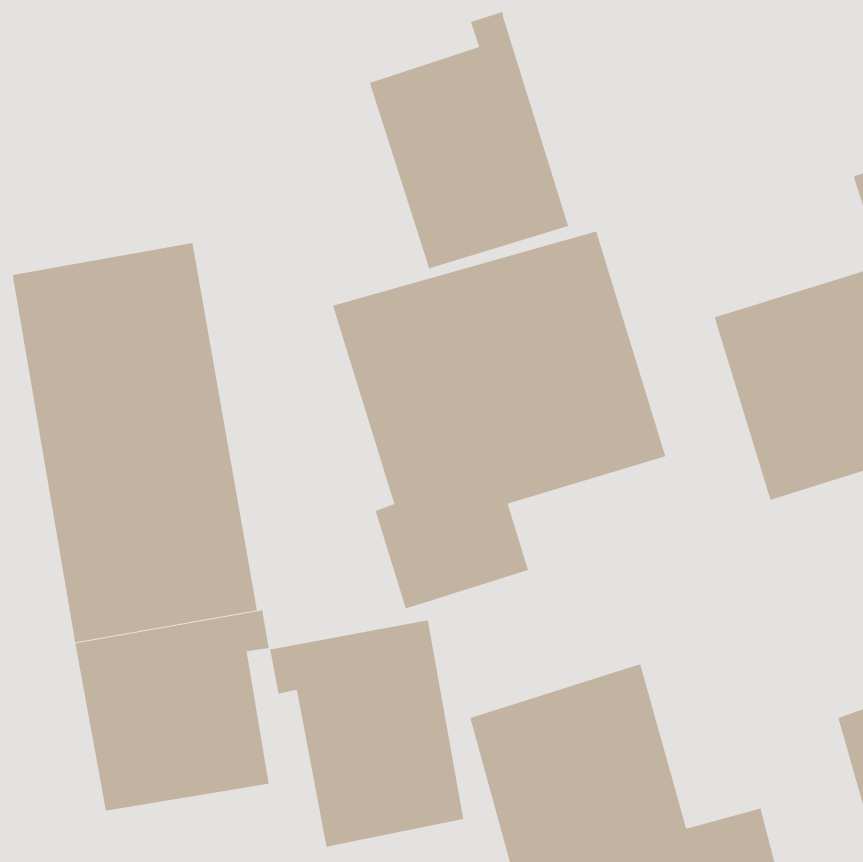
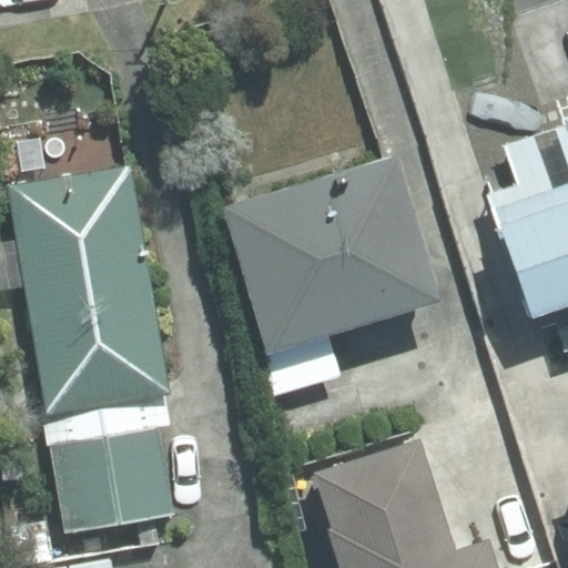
building: [369,11,569,269] -> none
building: [270,620,464,847] -> none

